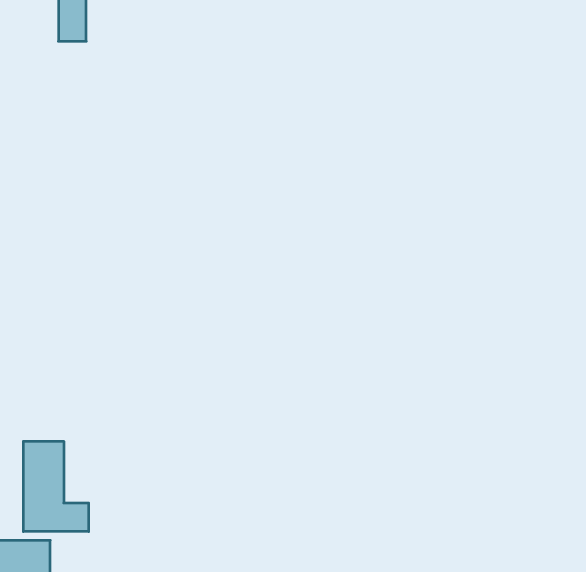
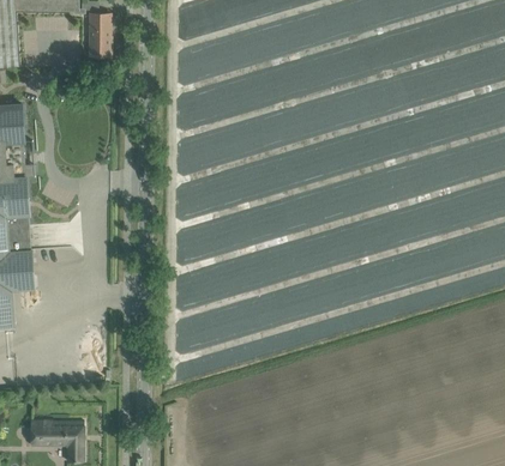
building: [23,441,89,532] -> none

